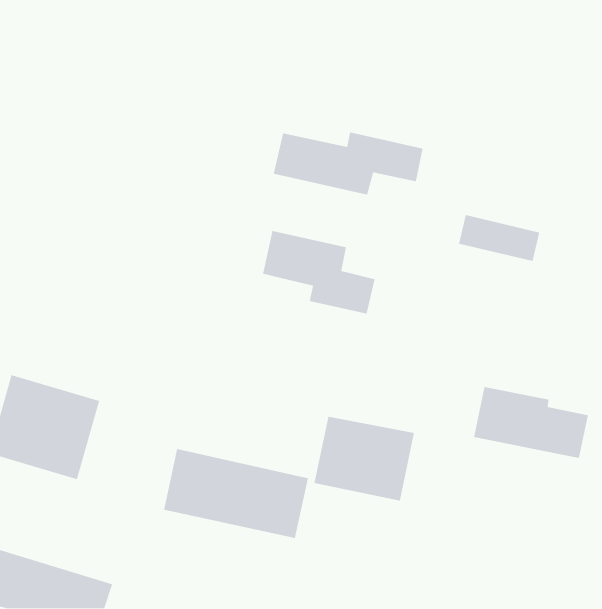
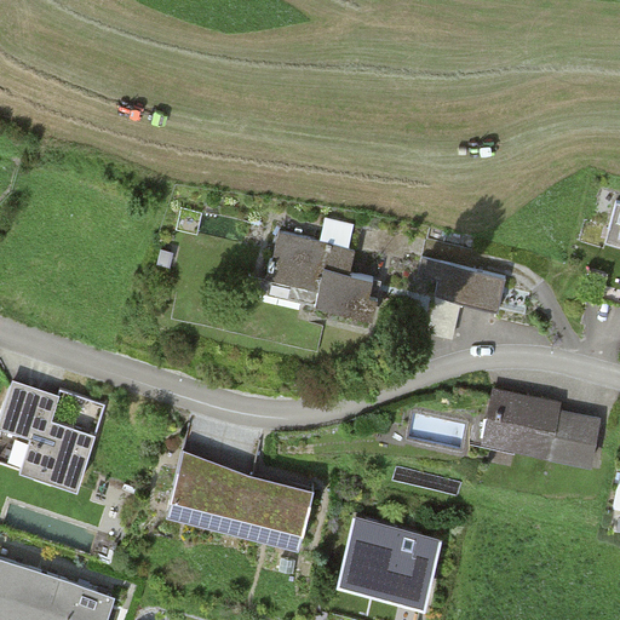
building: [273,131,424,196] -> none
building: [458,214,540,262] -> [417,263,500,311]
building: [314,416,415,501] -> [338,519,441,607]

